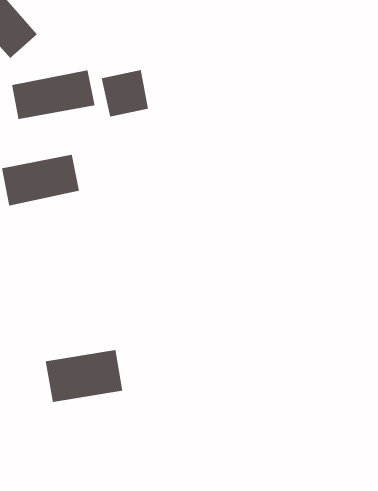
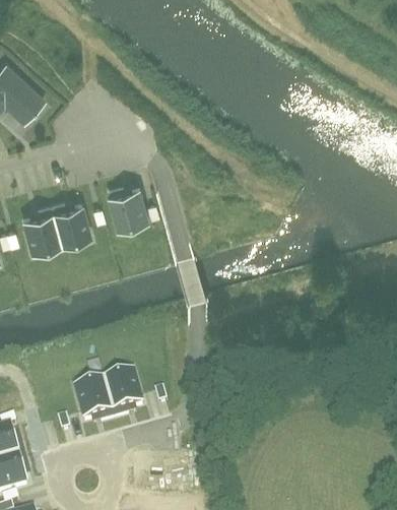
building: [12,69,95,120] -> none
building: [101,70,149,117] -> [106,190,149,234]

